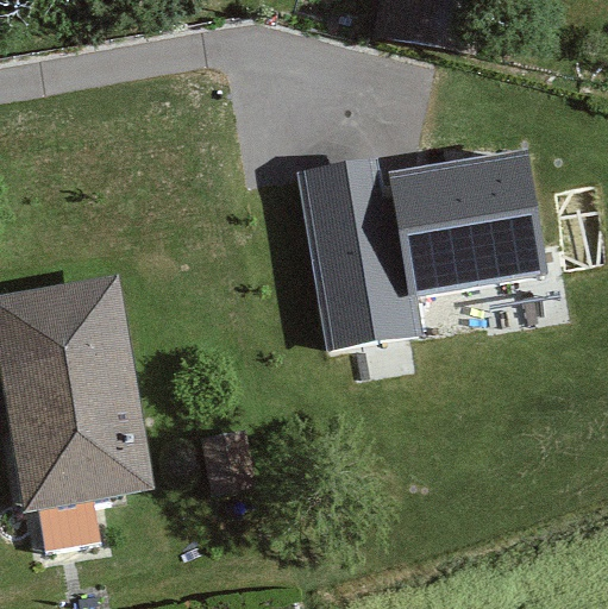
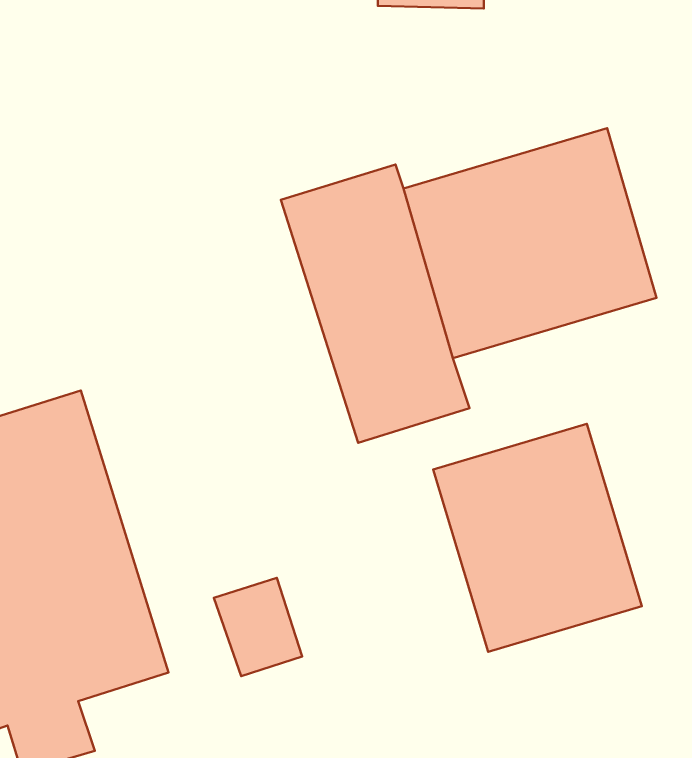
building: none -> [433,424,642,652]

